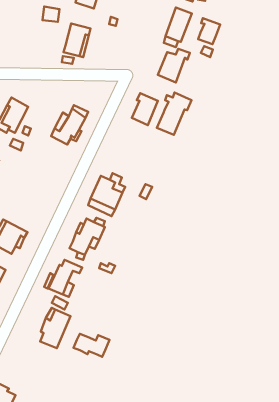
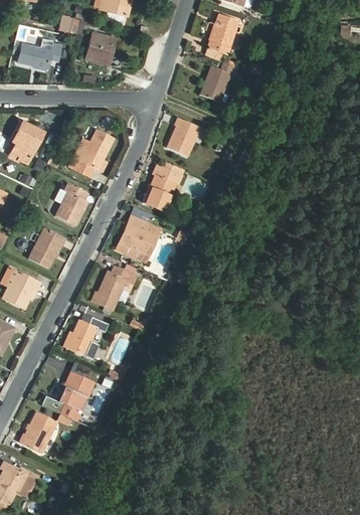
building: [198,18,220,44] -> none
building: none -> [20,38,61,68]
building: [157,93,191,135] -> [143,161,184,211]
building: none -> [55,180,86,223]
building: none -> [28,227,62,269]
building: [74,334,110,357] -> none
building: none -> [21,410,55,452]

